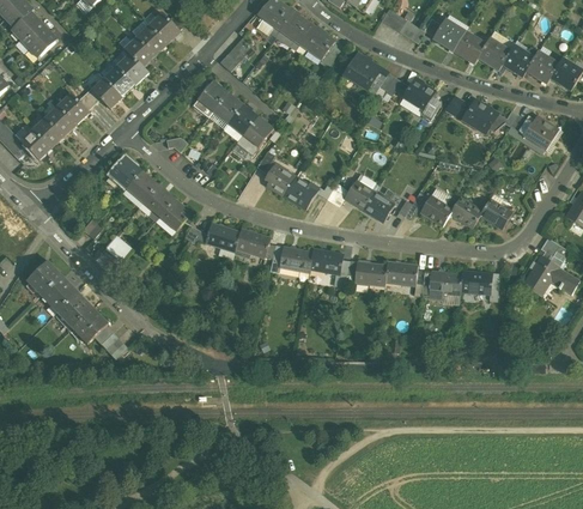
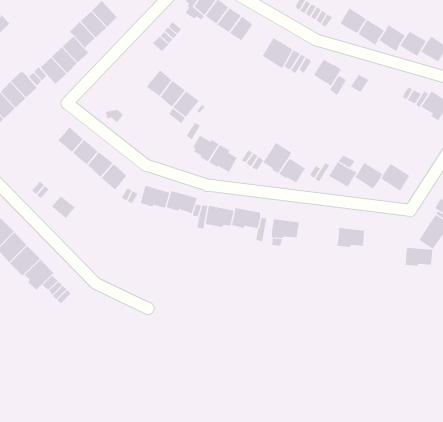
building: [193,79,227,116] -> none
building: [462,98,497,134] -> none
building: [384,261,417,284] -> none
building: [460,271,492,292] -> [405,247,433,266]

